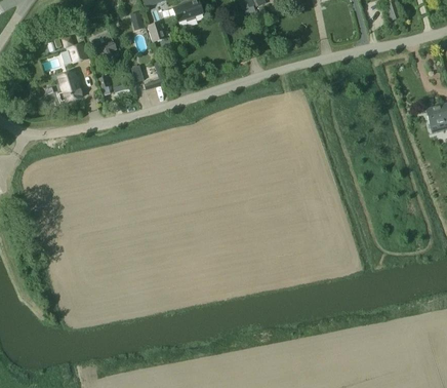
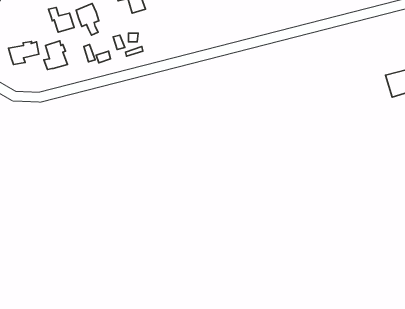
building: none -> [9,42,39,64]

